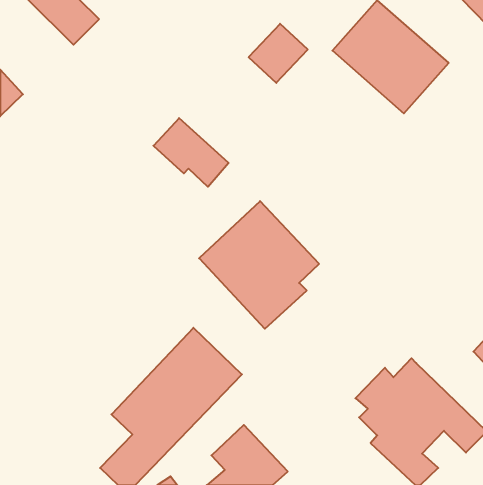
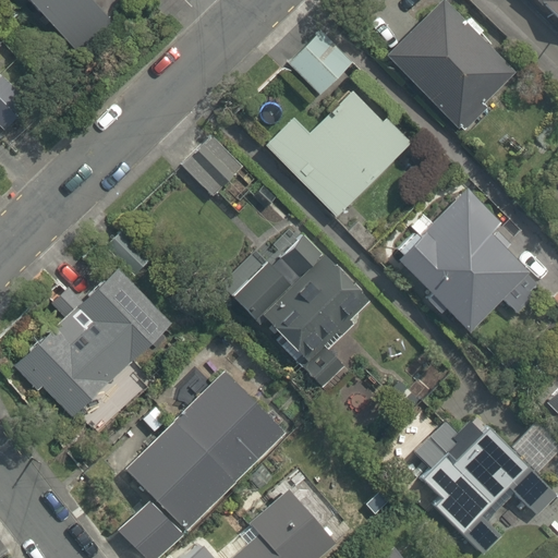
building: none -> [266,87,411,216]
building: none -> [389,173,544,333]
building: none -> [19,269,170,416]

